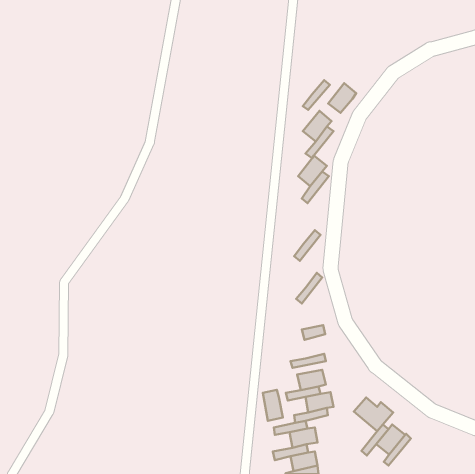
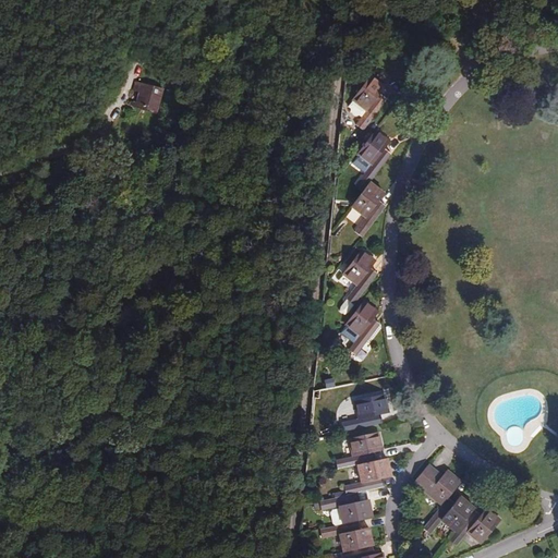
building: none -> [131,82,161,106]
building: [328,83,356,113] -> [352,75,385,110]
building: none -> [341,251,375,286]
building: none -> [343,301,377,337]
building: none -> [355,396,388,420]
building: [263,390,283,421] -> none
building: none -> [468,509,500,543]

